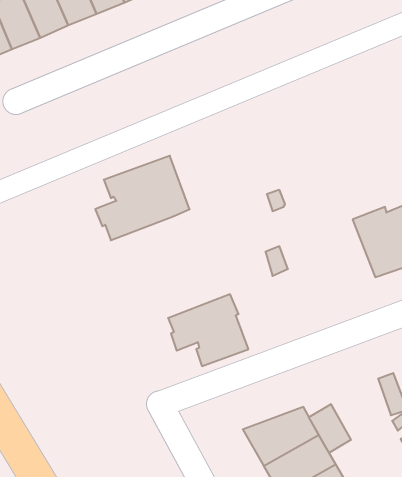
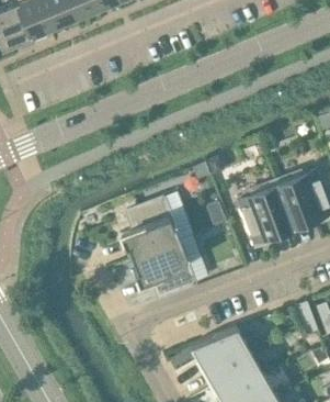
building: [95,156,190,240] -> [121,192,194,258]
building: none -> [239,181,294,245]
building: [309,404,351,453] -> none

